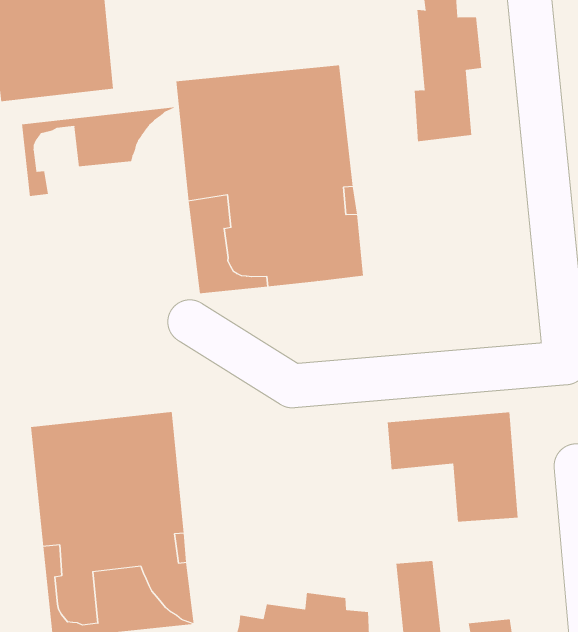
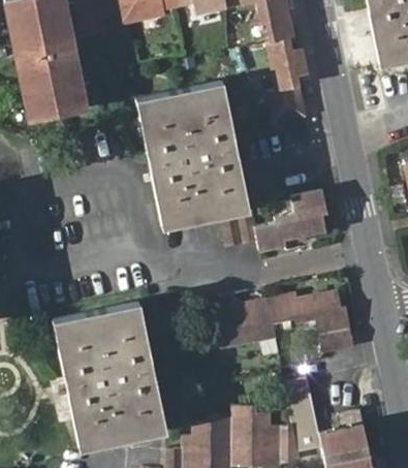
building: [21,106,178,197] -> none
building: none -> [257,190,334,252]
building: none -> [210,299,280,349]

